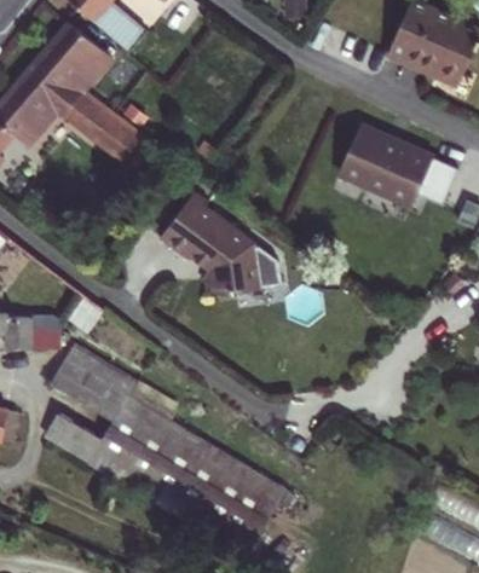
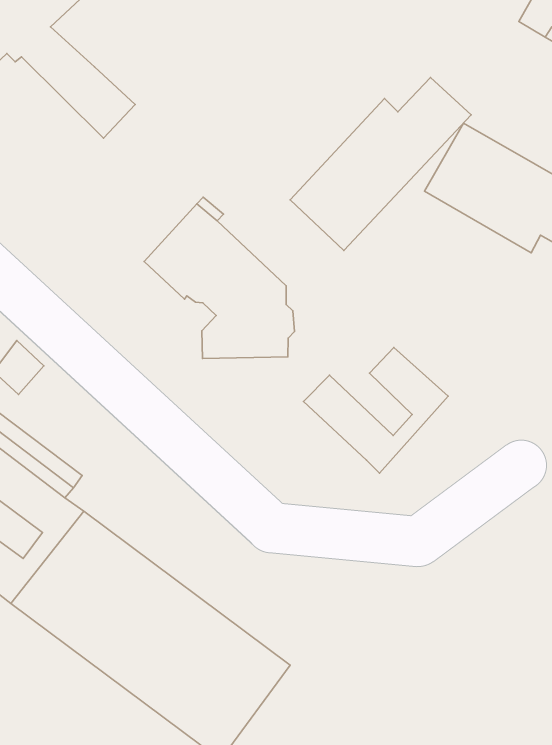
building: none -> [290,78,471,250]
building: none -> [303,347,448,473]

